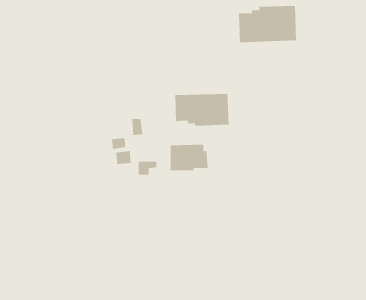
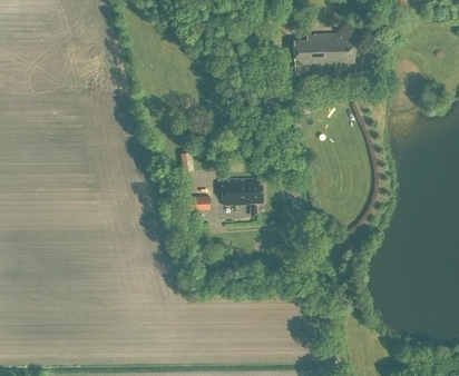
building: [175,93,229,127] -> none

